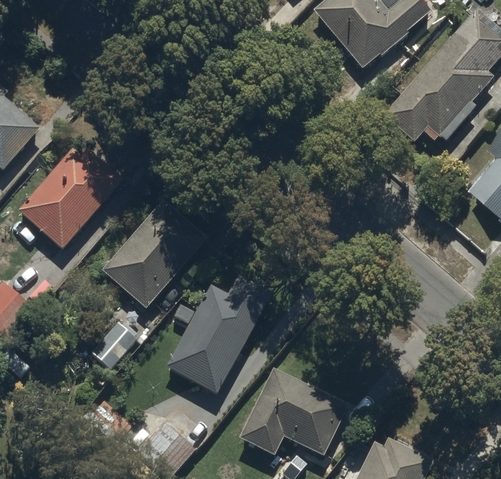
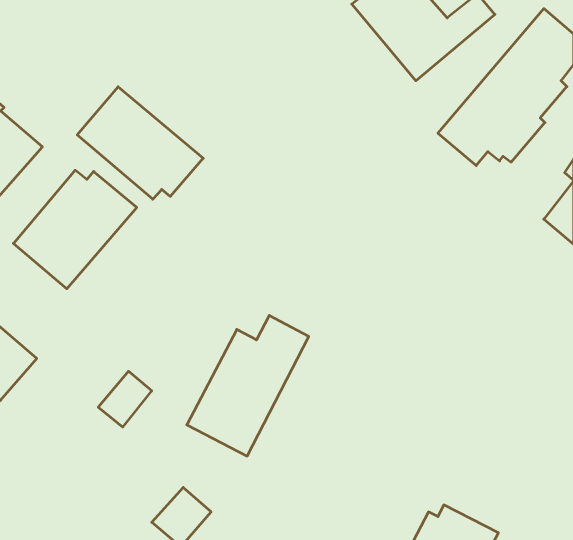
building: none -> [77,87,203,199]
building: [100,199,208,312] -> none
building: [238,369,347,457] -> none

